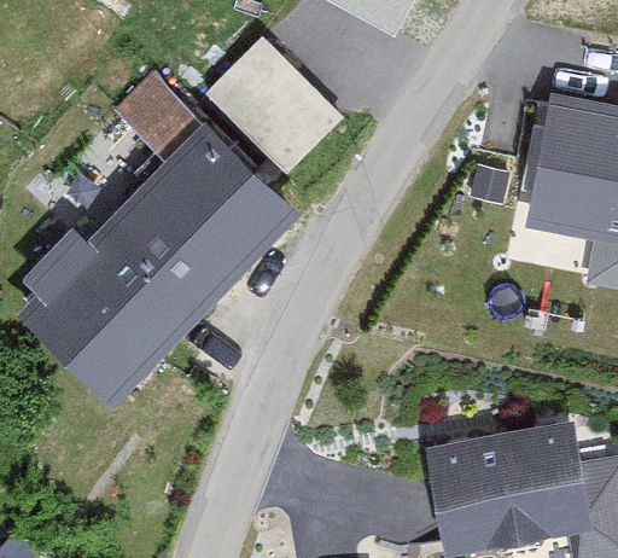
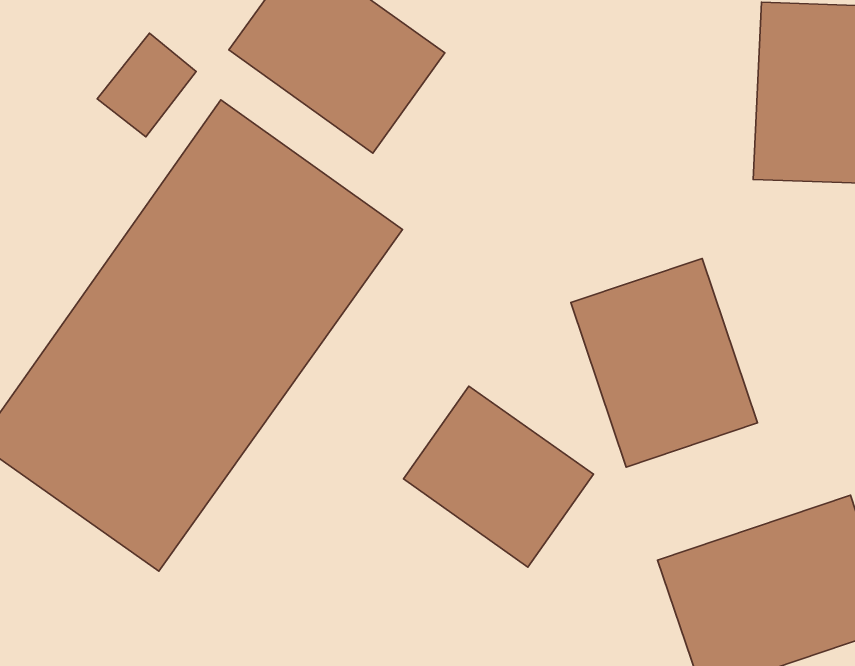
building: none -> [571,258,758,467]
building: none -> [403,386,593,567]

